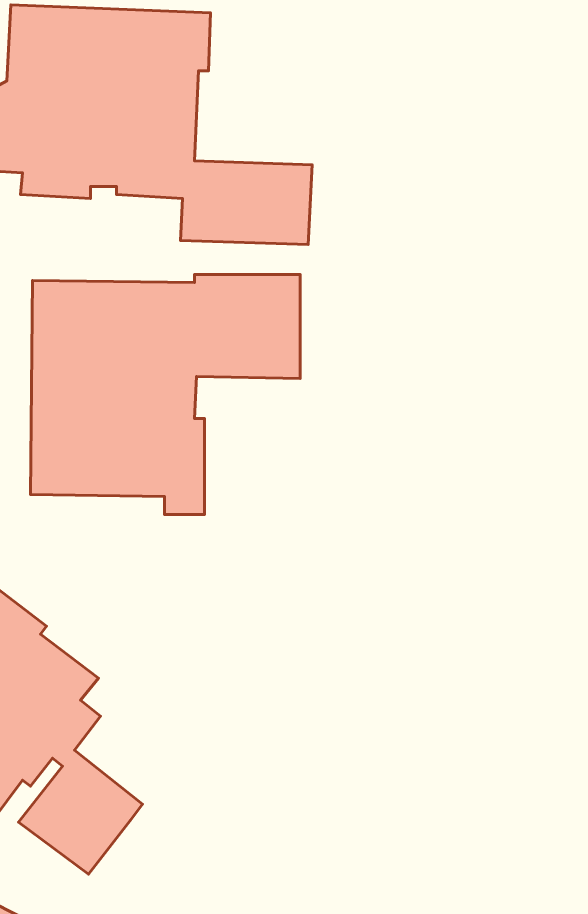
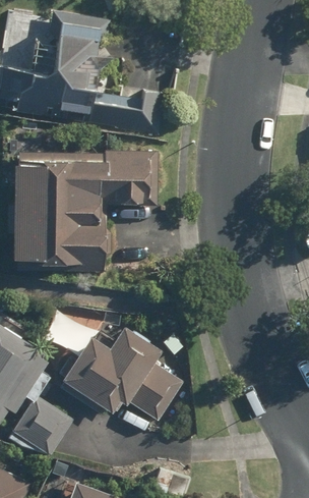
building: none -> [61,318,185,422]

